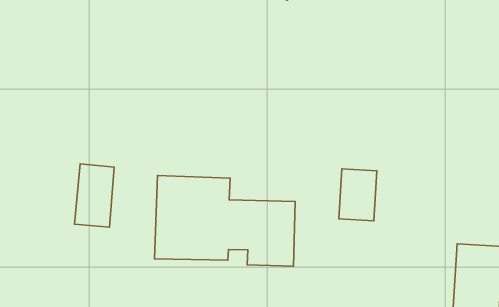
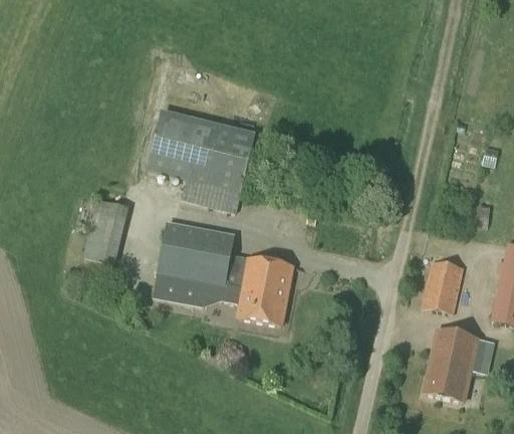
building: none -> [148,111,255,212]
building: [339,169,377,221] -> [422,259,464,312]

